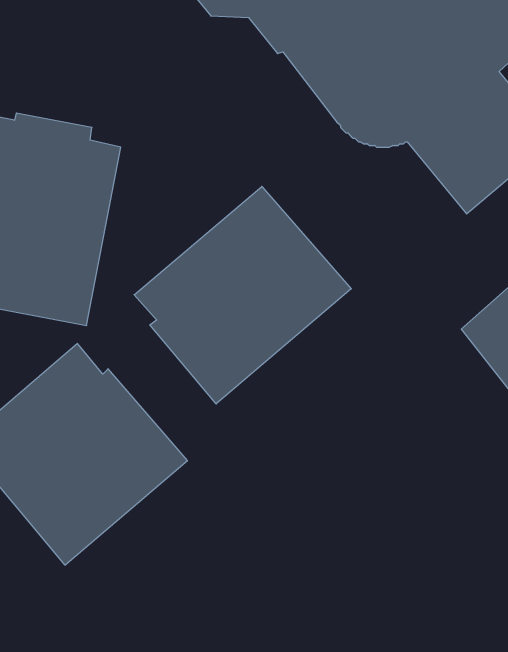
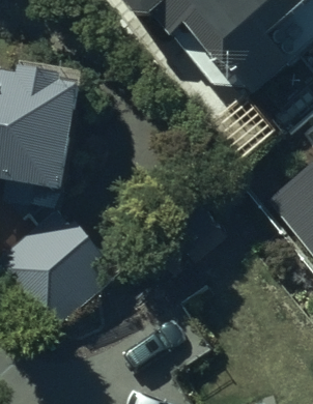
building: [134,186,351,404] -> none

